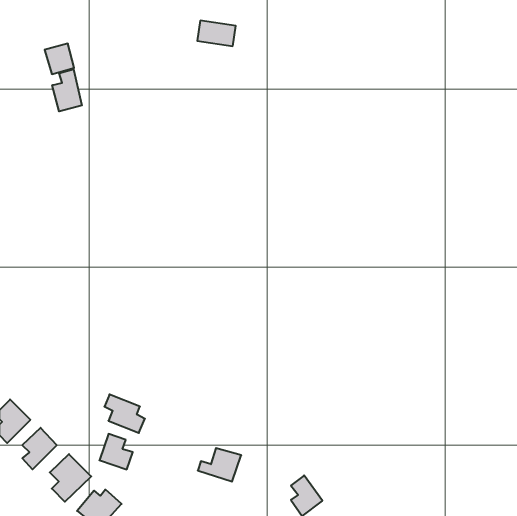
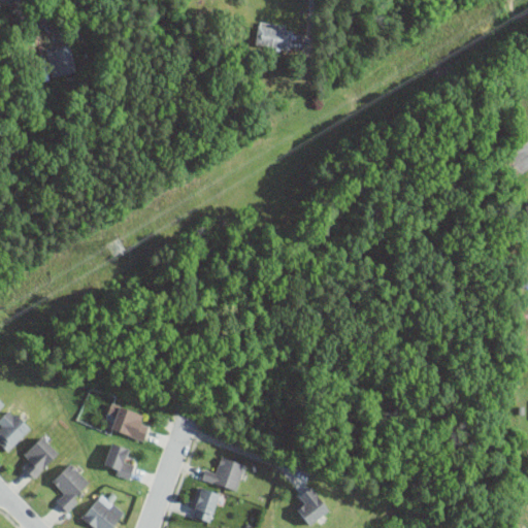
building: [197,21,236,46] -> [254,25,293,51]
building: [52,69,82,111] -> none
building: none -> [190,488,220,523]

